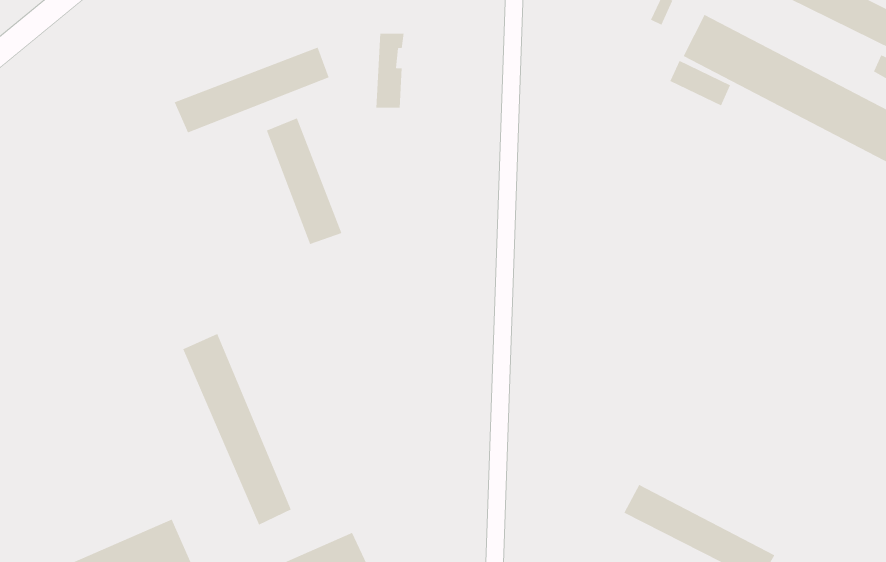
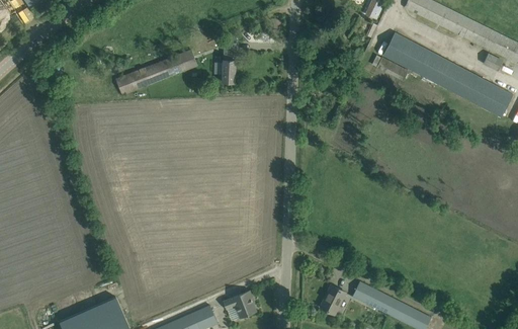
building: [266,117,342,245] -> none
building: [182,333,292,525] -> none
building: none -> [321,285,346,315]
building: none -> [224,291,256,317]

